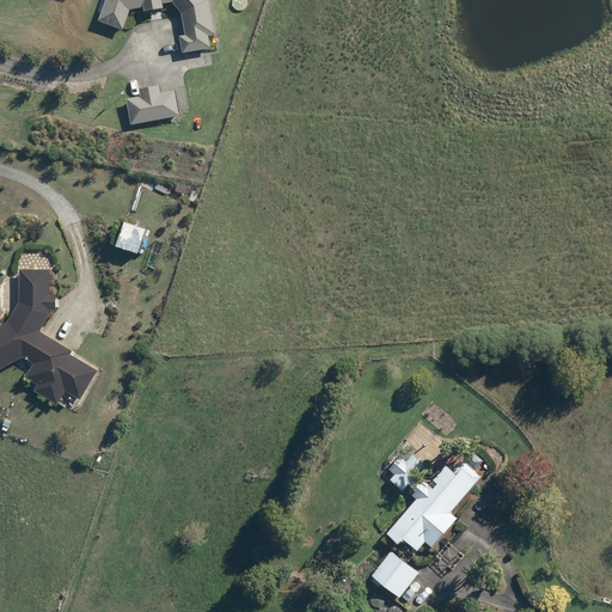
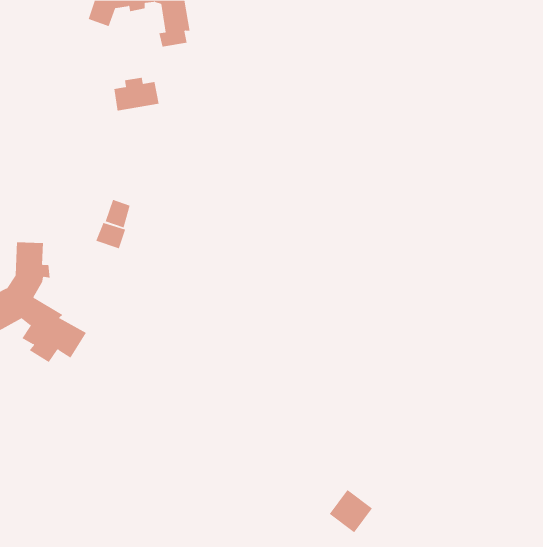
building: none -> [96,222,126,249]
building: [381,454,488,549] -> none

